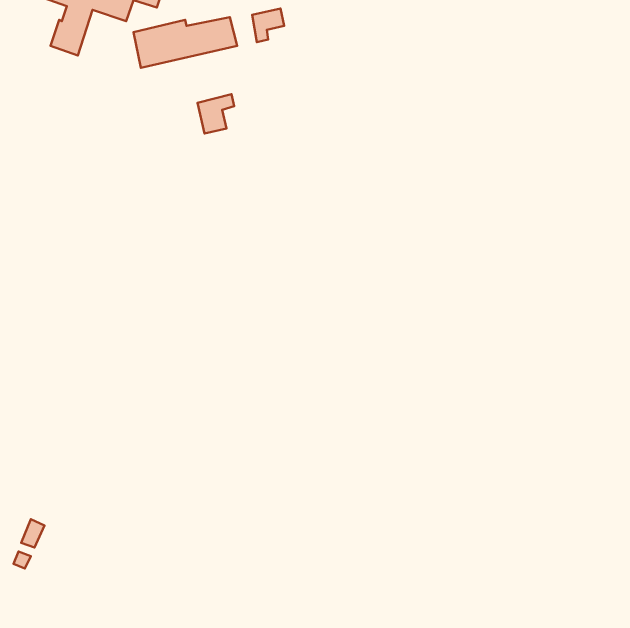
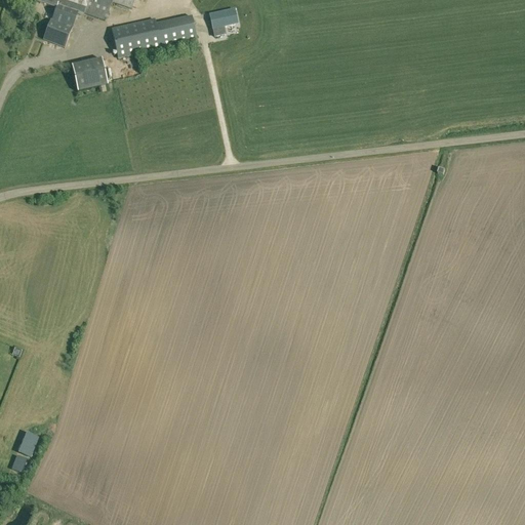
building: none -> [74,53,107,86]
building: [197,94,234,134] -> none

